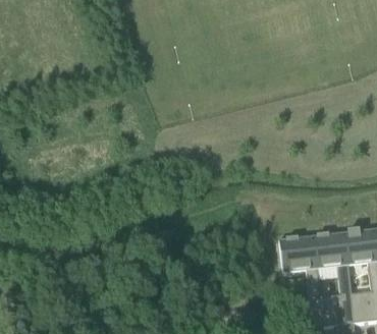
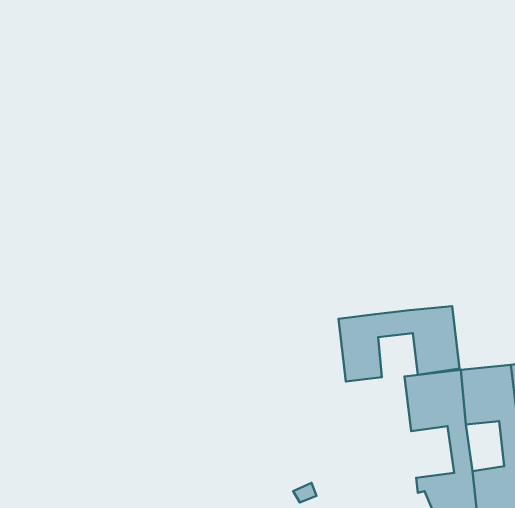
building: none -> [338,306,460,381]

